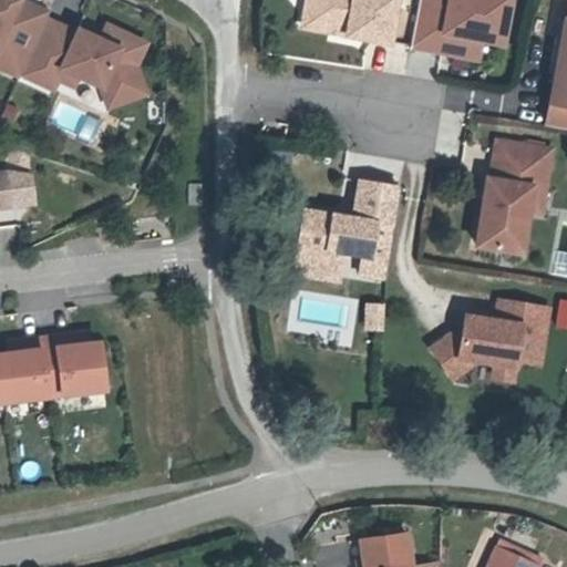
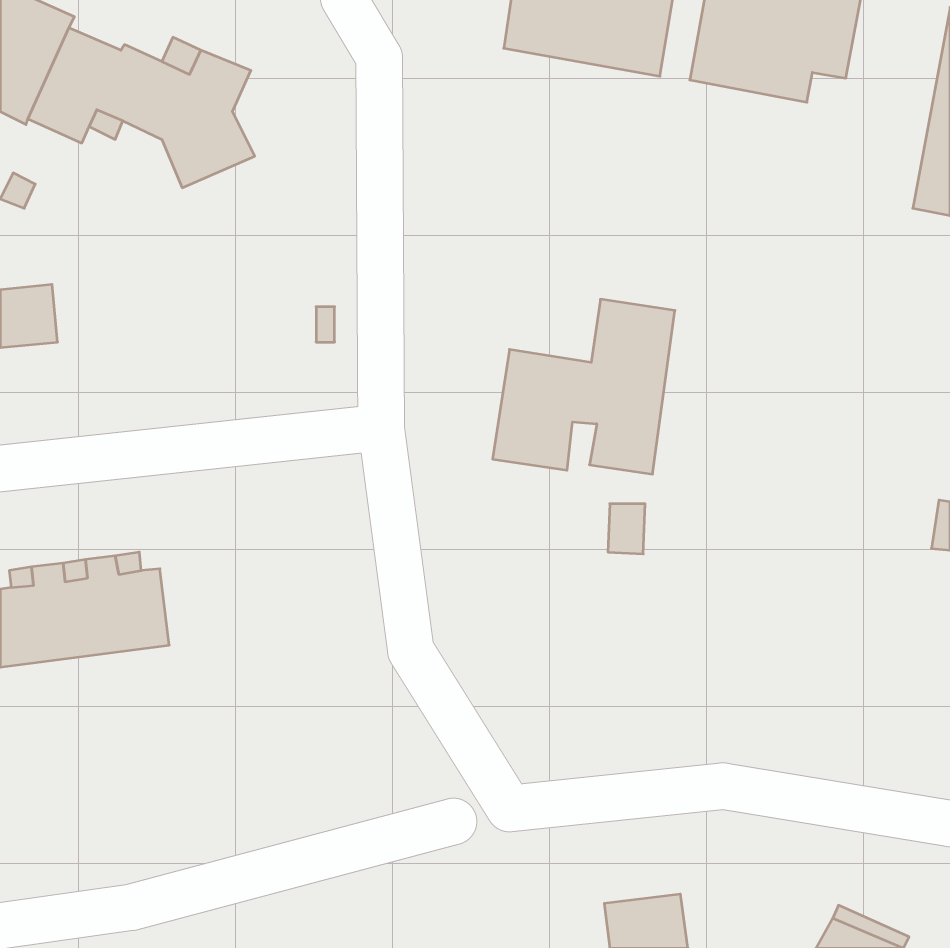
building: [472,136,556,258] -> none
building: [429,298,550,381] -> none

